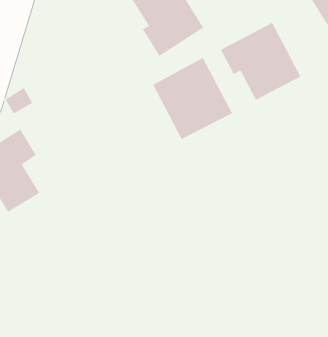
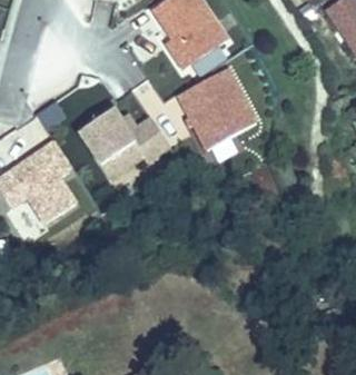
building: [220,22,302,101] -> none
building: none -> [76,108,166,177]

